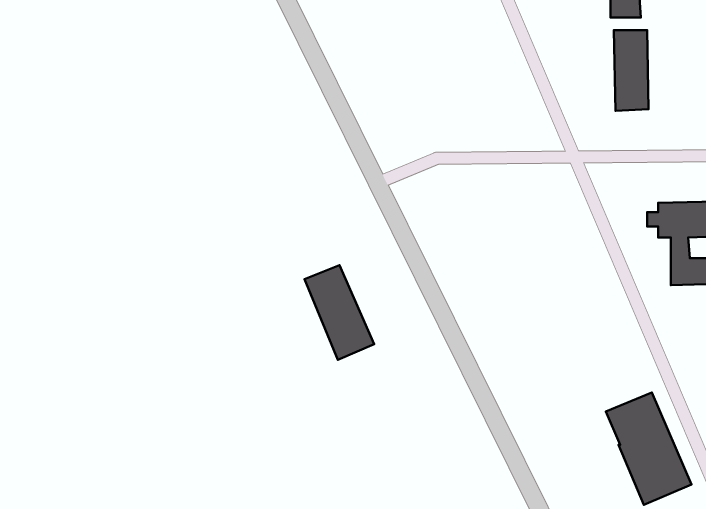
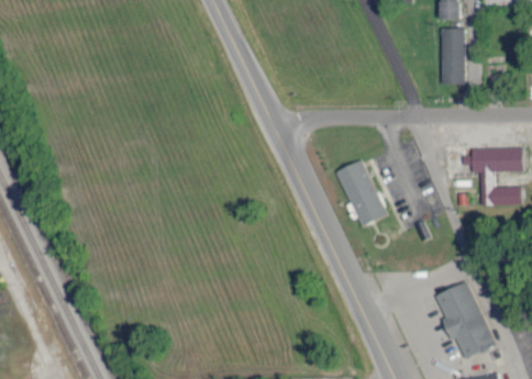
building: [305,265,374,360] -> [337,160,386,226]

